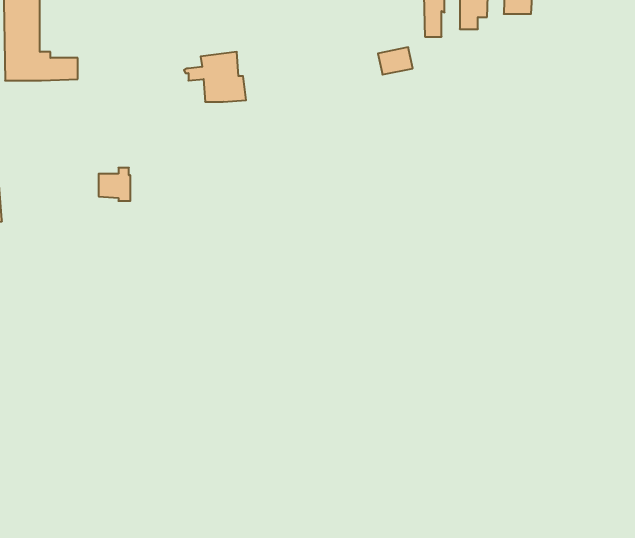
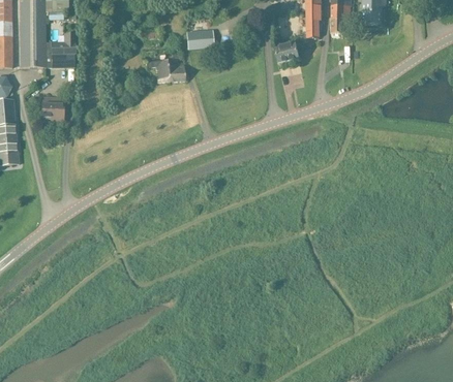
building: none -> [187,30,213,49]
building: [99,168,130,201] -> [41,98,63,121]

